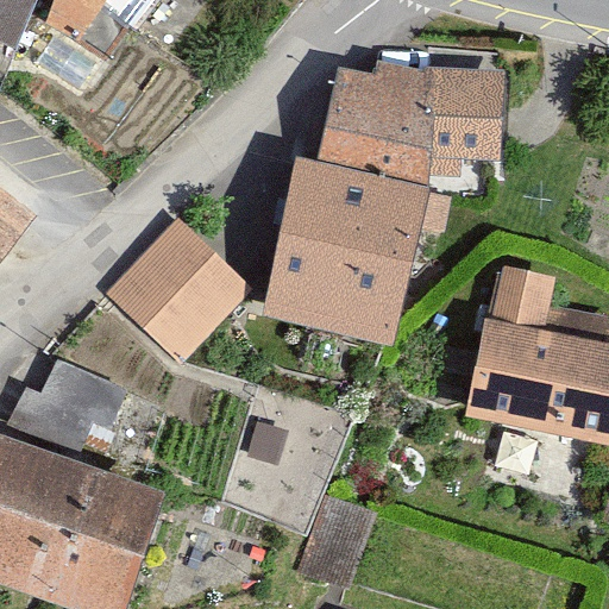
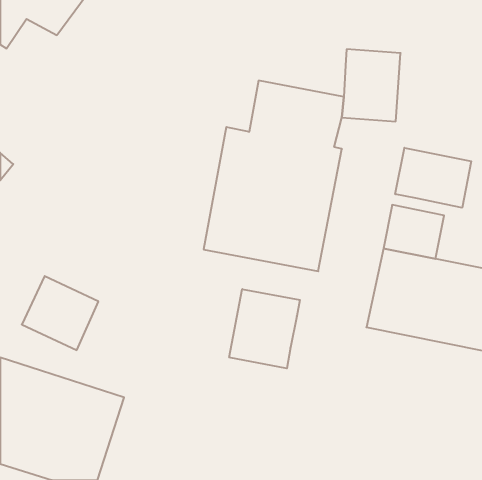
building: none -> [395,148,471,208]
building: [105,214,253,363] -> none
building: none -> [229,289,300,368]

